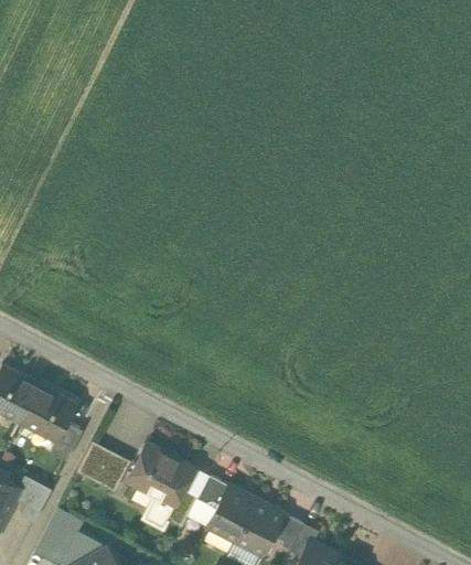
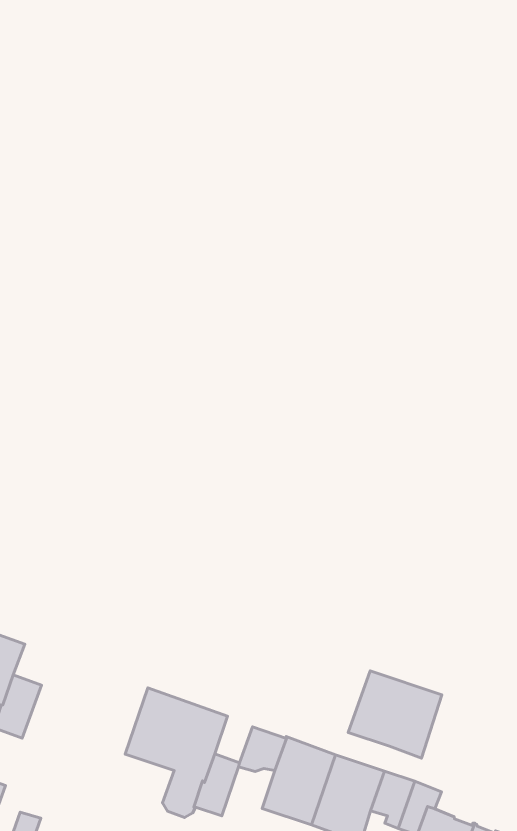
building: [75,441,129,492] -> none
building: none -> [348,671,442,758]

